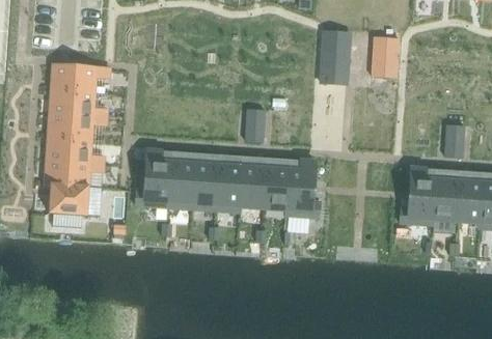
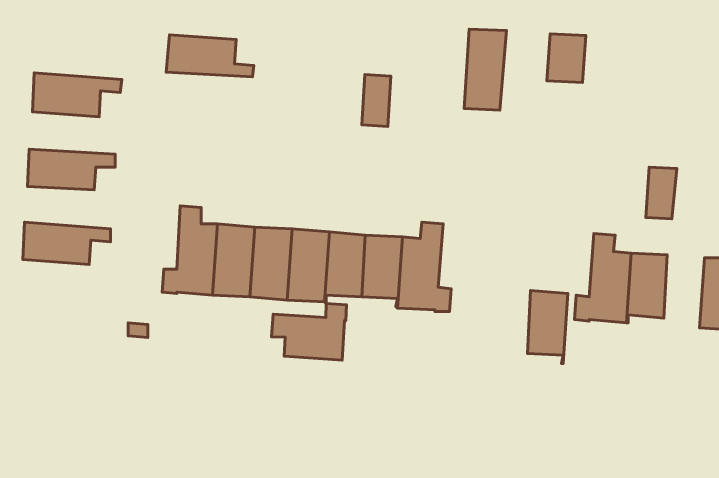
building: [50,89,106,116] -> [166,35,254,77]
building: [245,109,264,142] -> [362,74,391,126]
building: [47,137,103,164] -> none
building: [456,180,482,227] -> [527,290,568,363]
building: [46,183,88,216] -> none
building: none -> [272,303,346,360]

